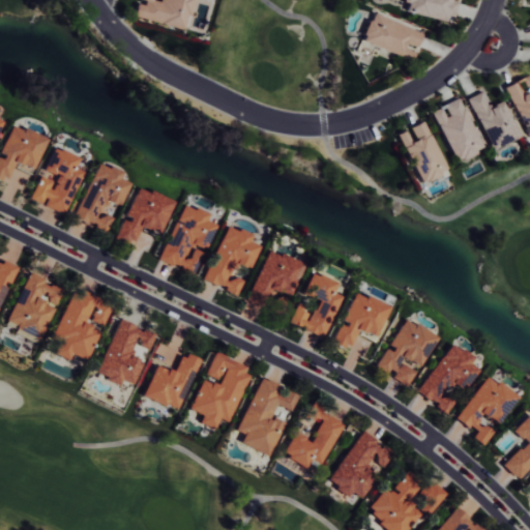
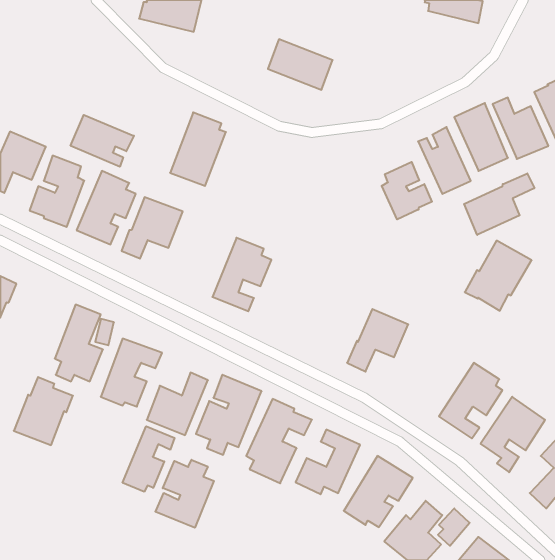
building: [364,12,425,60] -> [268,39,333,90]
building: none -> [71,115,134,167]
building: none -> [382,162,432,219]
building: none -> [464,173,534,235]
building: [163,204,215,273] -> [170,112,226,186]
building: [247,248,305,303] -> none
building: [9,272,65,336] -> [14,377,73,445]
building: [289,272,342,337] -> none
building: [377,319,440,385] -> [465,241,532,311]
building: none -> [123,426,175,492]
building: none -> [155,460,214,528]

